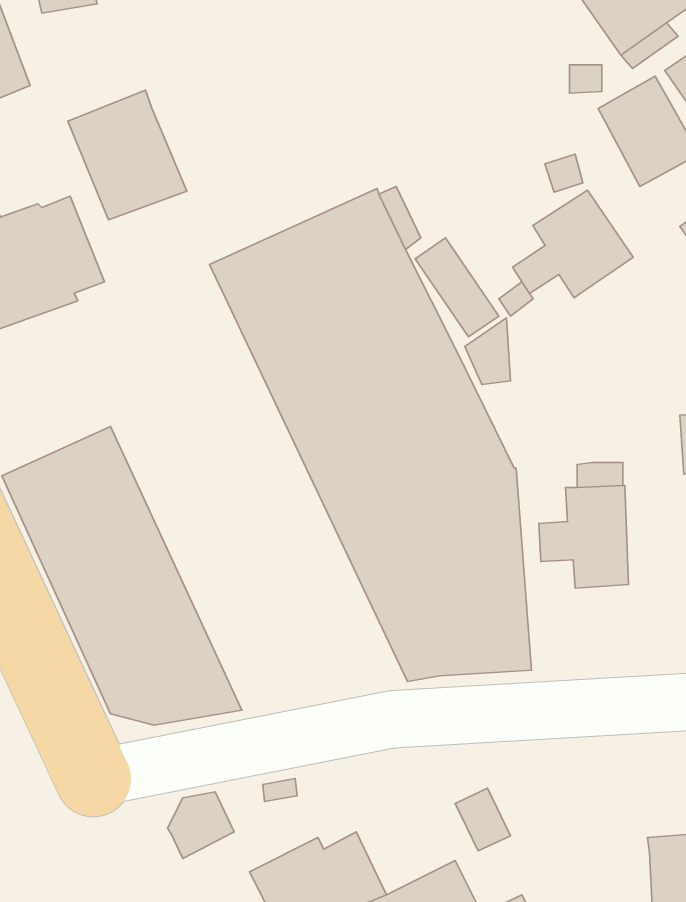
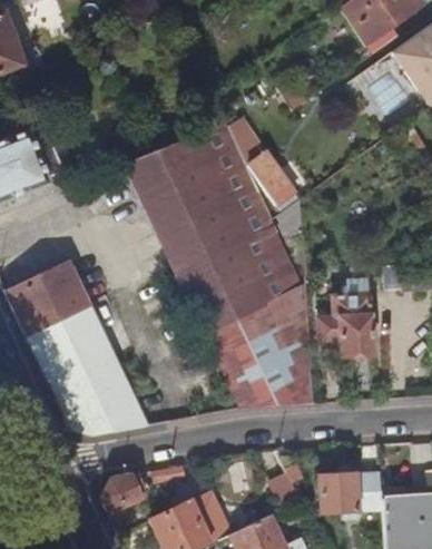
building: [68,90,187,220] -> none
building: [512,190,633,298] -> none
building: none -> [321,472,384,514]

